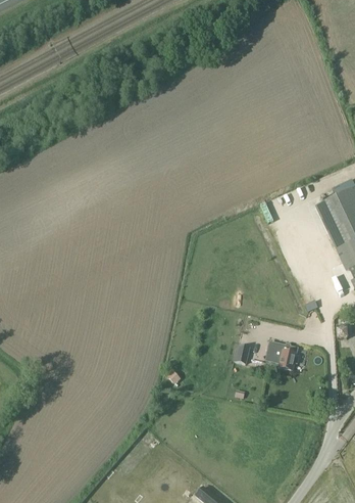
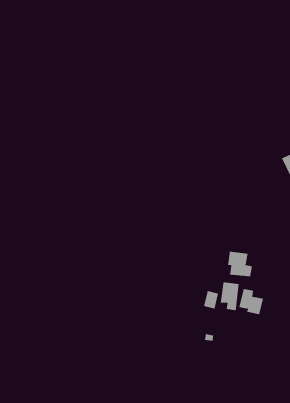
building: none -> [227,251,253,277]

